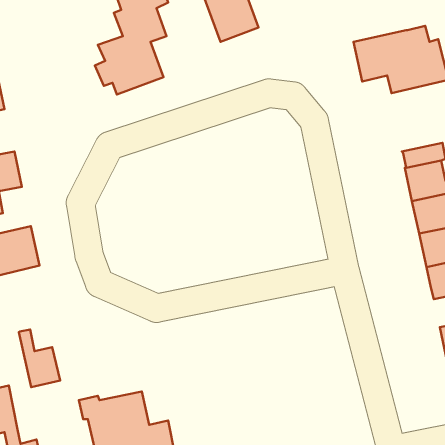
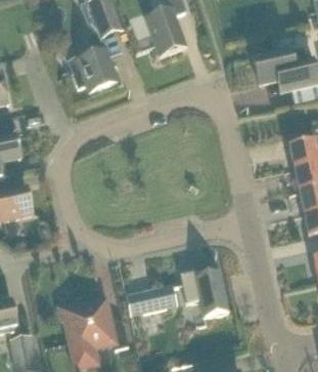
building: [19,330,60,387] -> none
building: none -> [179,270,228,318]
building: none -> [138,287,169,313]

